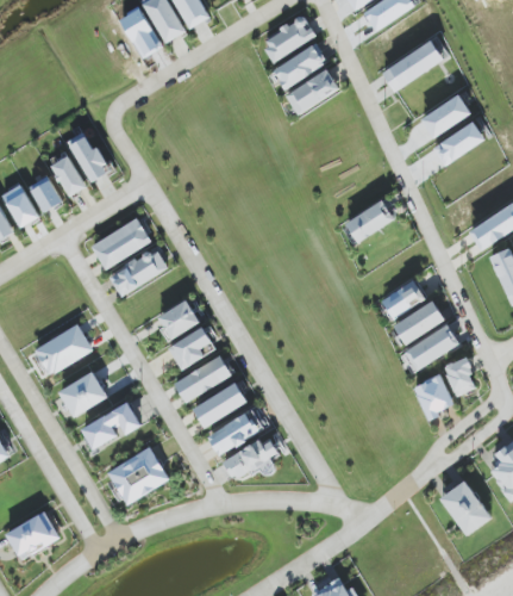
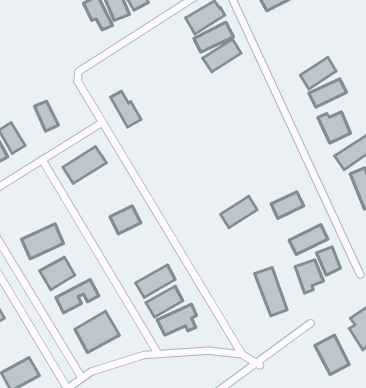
building: [381,42,443,92] -> none
building: [67,132,110,182] -> [110,91,141,127]
building: none -> [318,112,350,143]
building: [29,175,62,212] -> none
building: [345,200,394,243] -> none
building: [108,248,168,296] -> none
building: [393,300,444,344] -> [220,196,257,228]
building: [167,327,211,370] -> none
building: [173,356,231,402] -> none
building: none -> [255,268,287,316]

